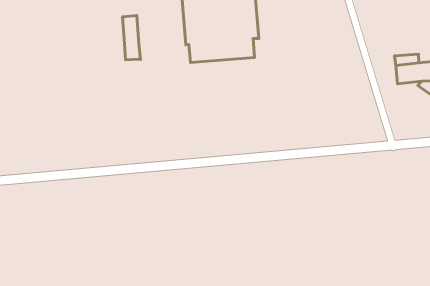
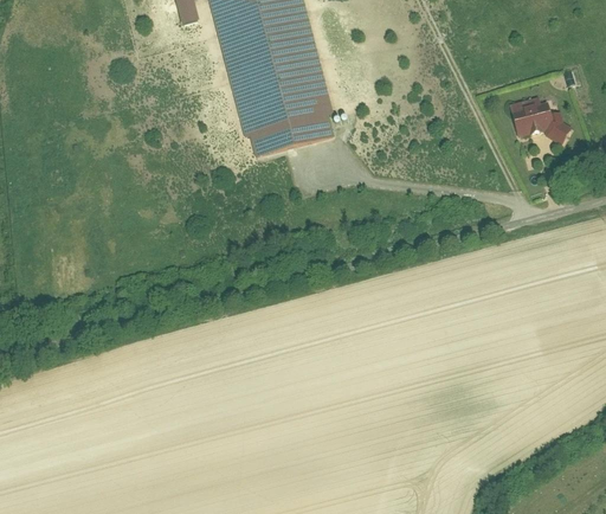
building: [123,16,141,60] -> none

